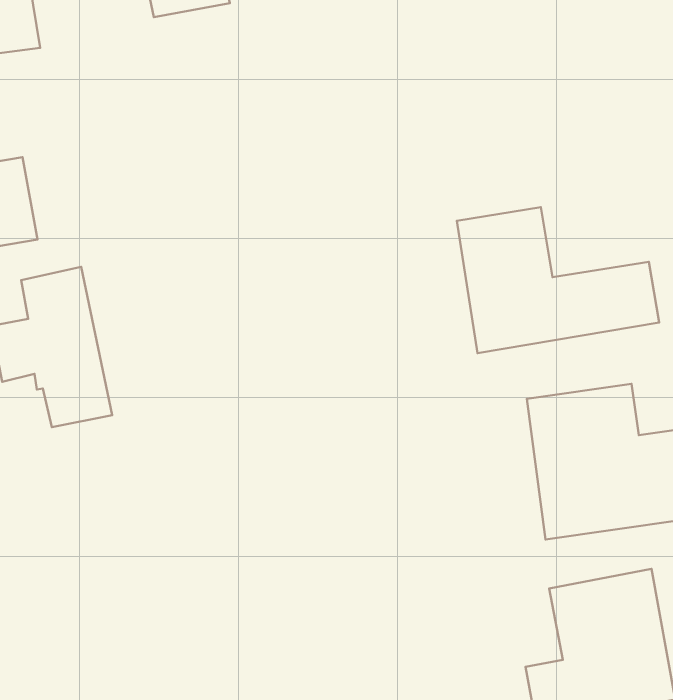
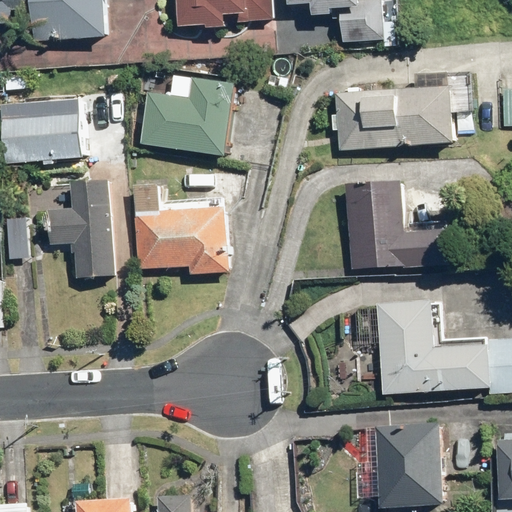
building: none -> [334,89,452,147]
building: none -> [140,78,236,157]
building: none -> [137,215,229,272]

